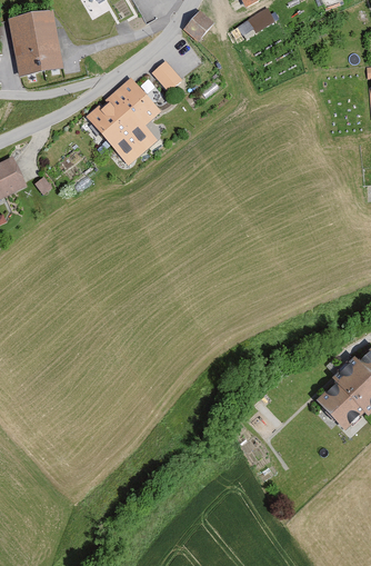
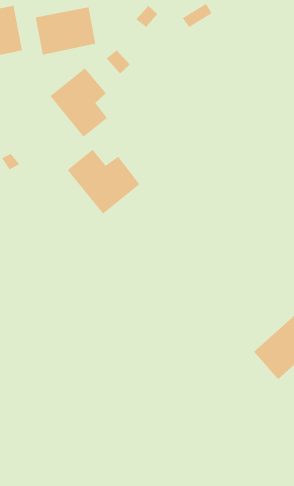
building: none -> [35,6,96,56]
building: none -> [67,149,140,215]

